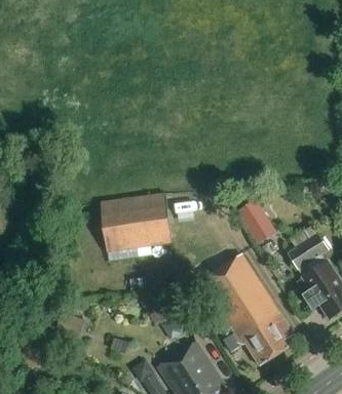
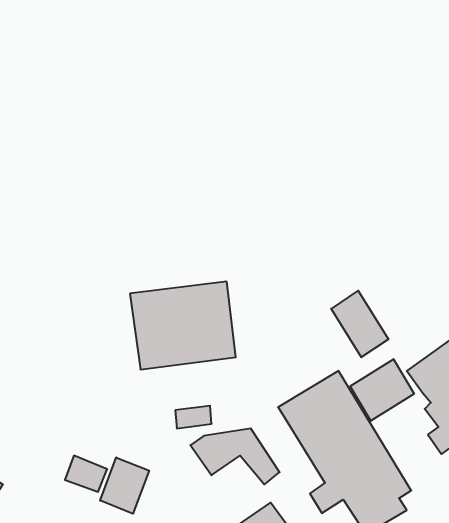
building: none -> [350,359,414,421]
building: none -> [100,457,149,514]

